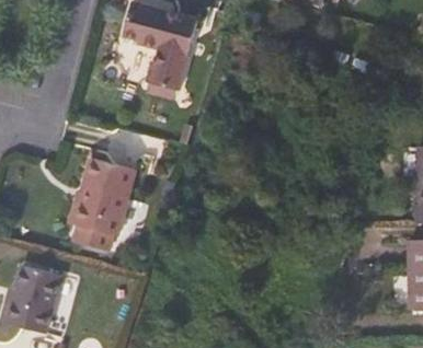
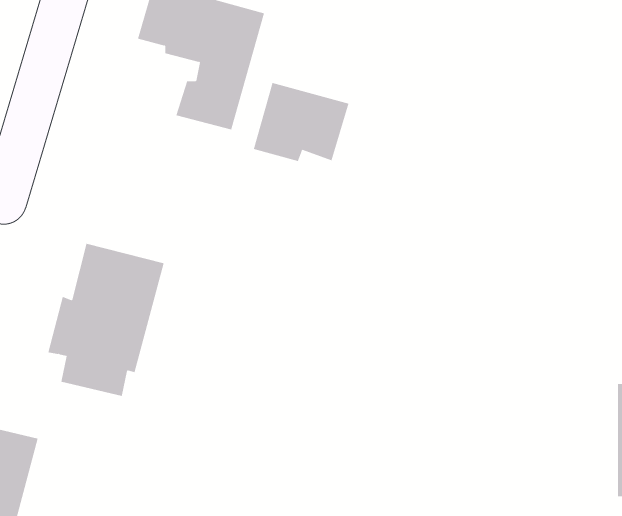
building: none -> [253,82,349,162]

